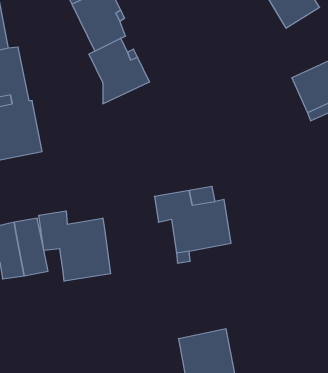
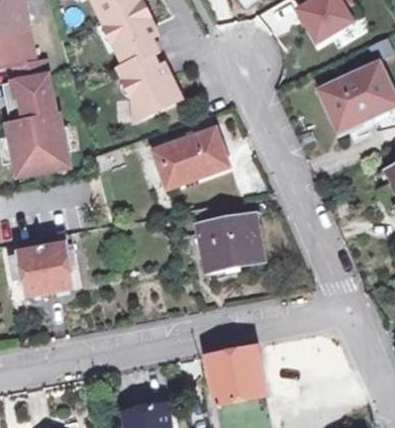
building: none -> [154,129,227,188]
building: [39,211,110,281] -> none

